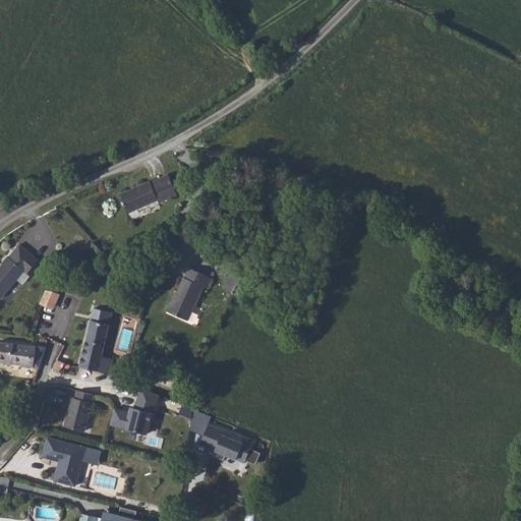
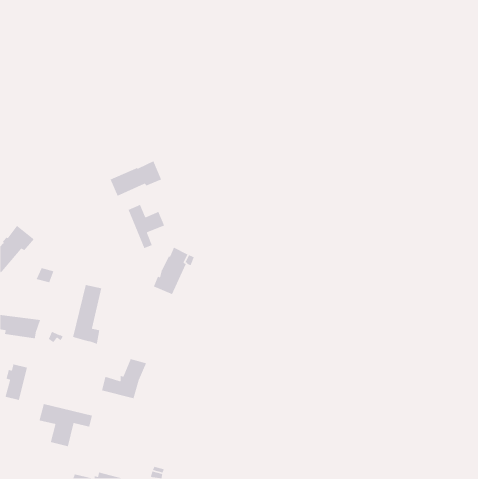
building: none -> [127,204,165,249]
building: [67,391,93,431] -> [4,363,28,401]
building: [190,409,259,464] -> none

